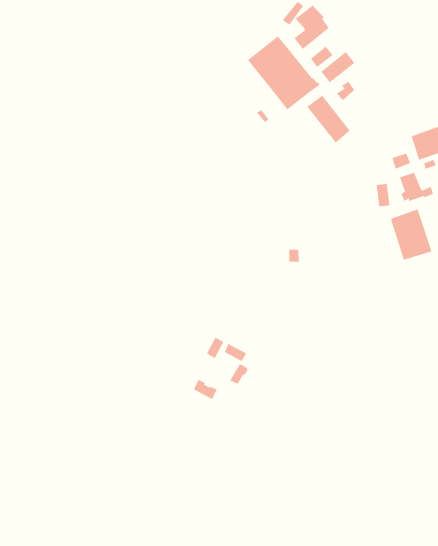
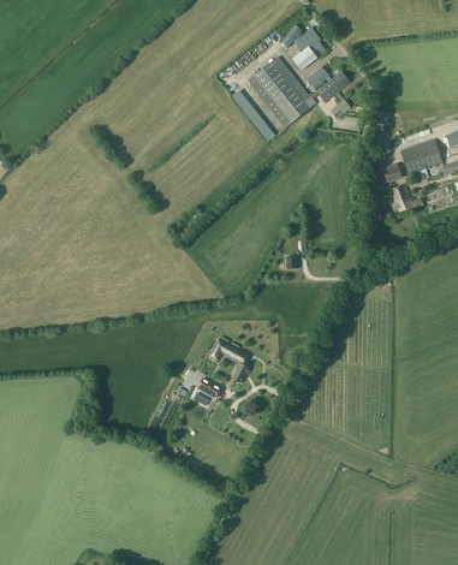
building: [306,95,350,143] -> none
building: [390,209,432,261] -> none

